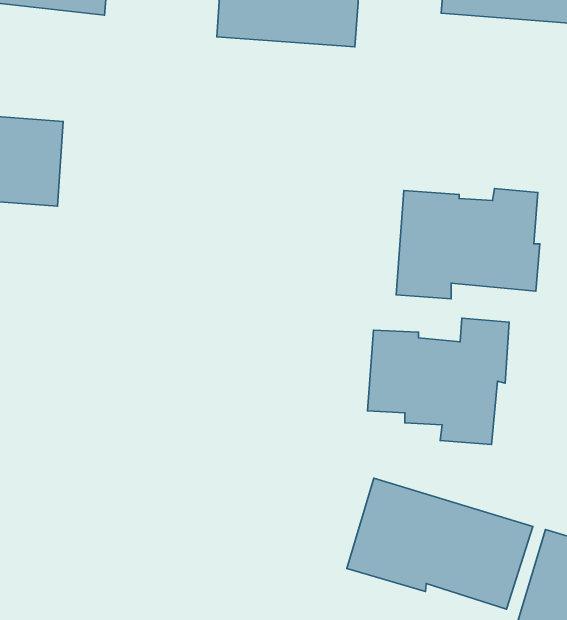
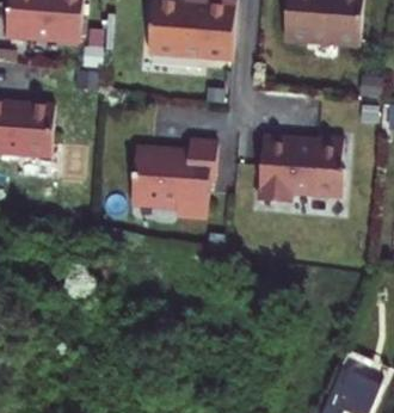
building: [367,318,509,444] -> [131,140,217,216]
building: [347,478,533,609] -> none

